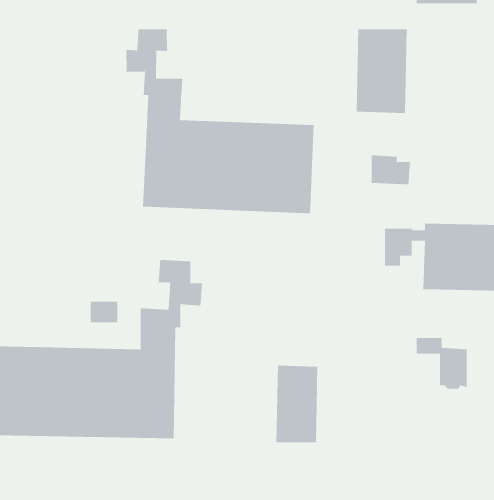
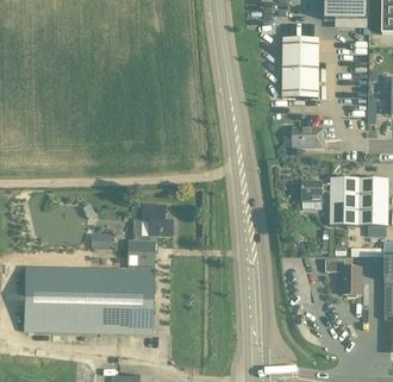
building: [126,28,314,214] -> none
building: [276,365,318,443] -> none

